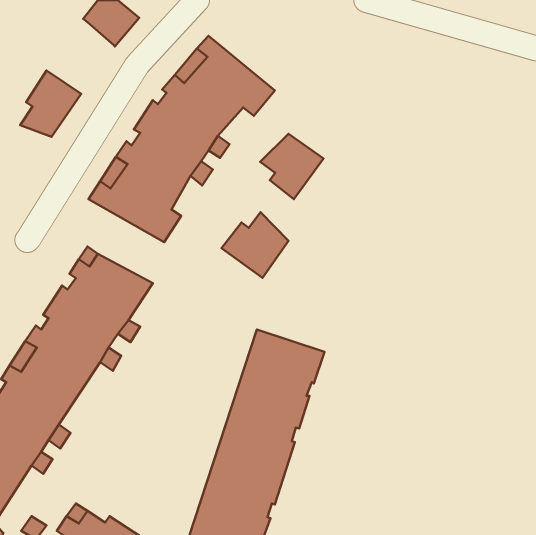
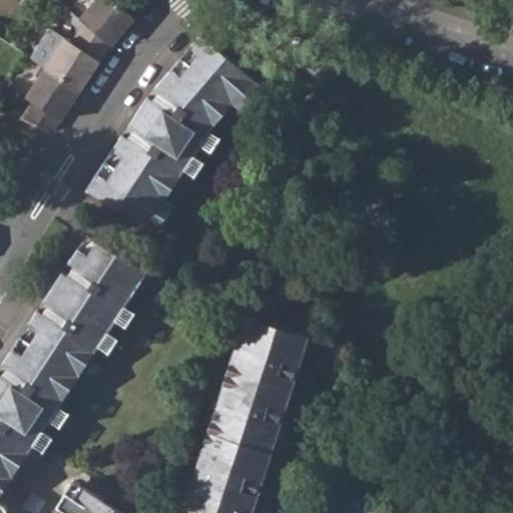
building: none -> [28,24,108,92]
building: [260,134,324,199] -> none
building: [222,212,289,278] -> none

